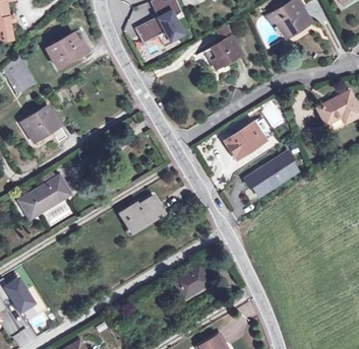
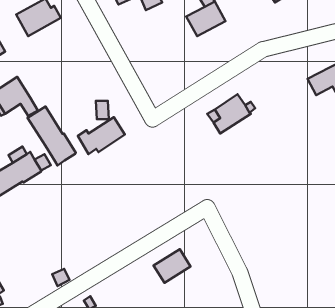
building: none -> [27,106,76,165]
building: [244,152,296,196] -> none
building: [119,196,163,230] -> [78,117,125,154]

